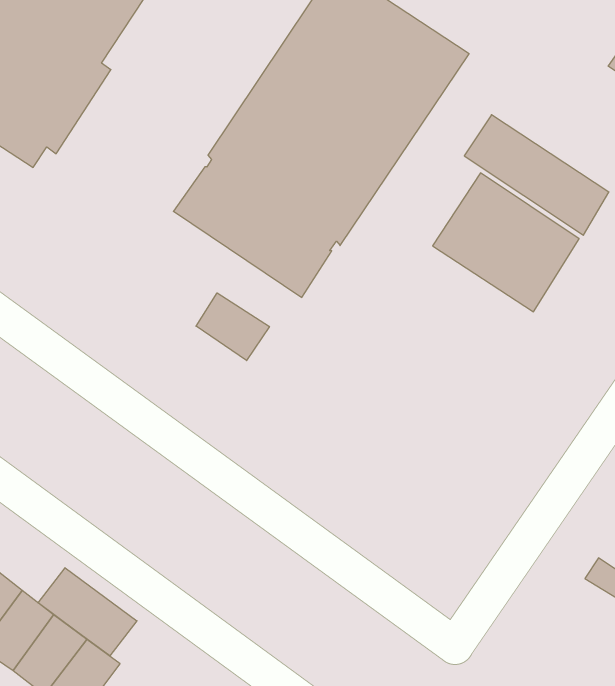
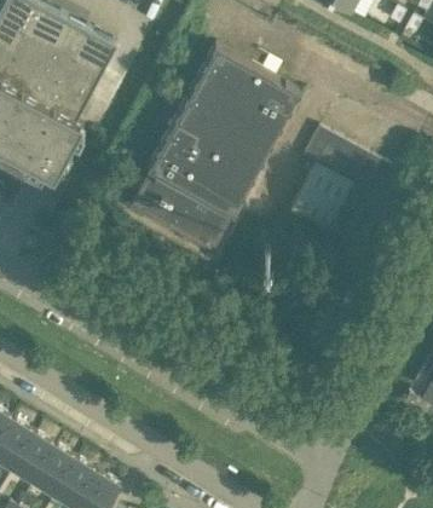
building: [196,293,269,361] -> none
building: [38,568,137,656] -> none

